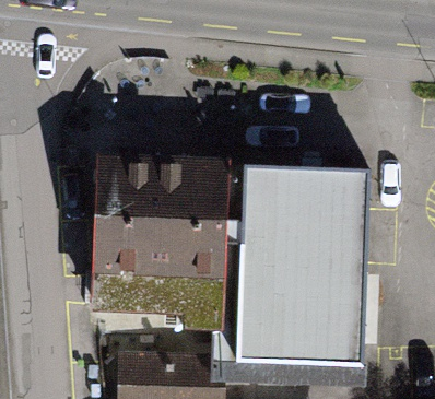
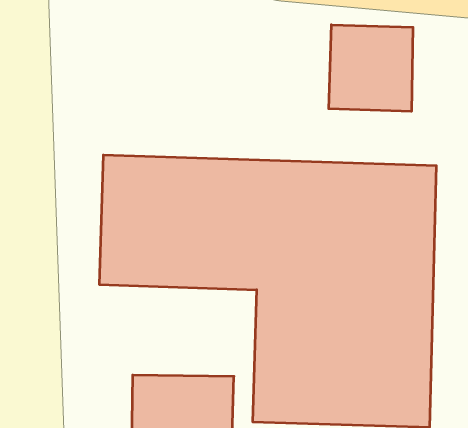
building: none -> [329,25,413,111]

